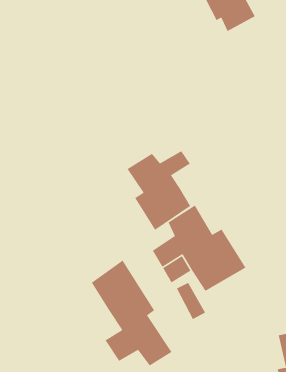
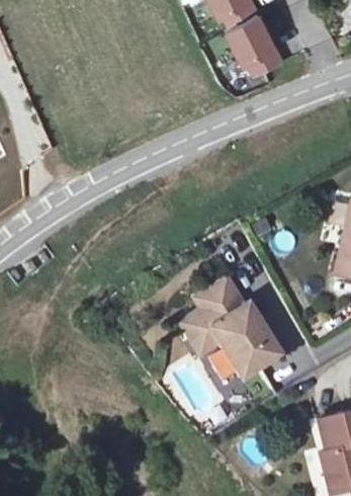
building: [127,150,191,231] -> none
building: [91,260,172,367] -> none

